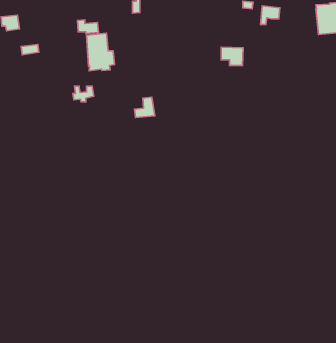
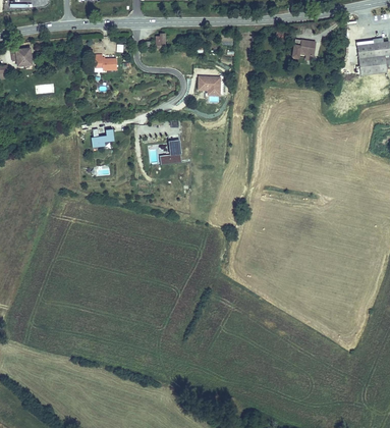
building: [87,33,114,71] -> none
building: [221,47,243,66] -> [197,74,221,95]

